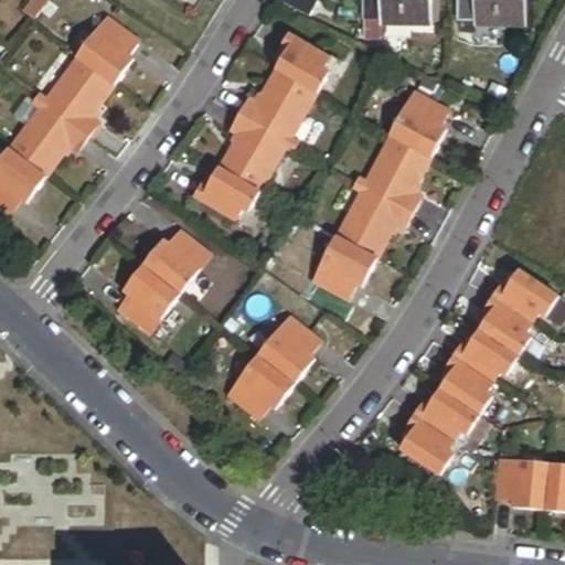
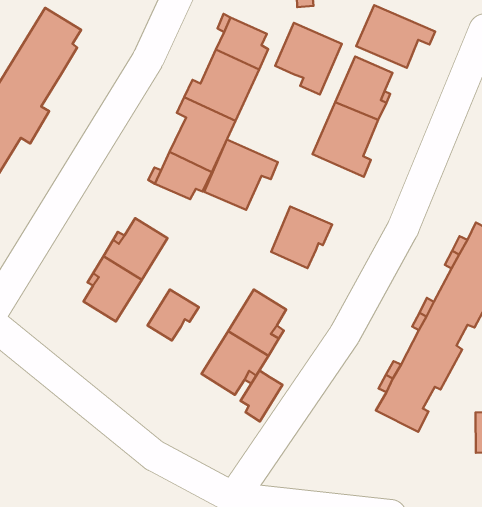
building: none -> [356,5,435,68]
building: none -> [275,23,342,95]
building: [333,184,411,257] -> [204,140,278,210]
building: none -> [147,289,199,341]
building: none -> [240,371,282,421]

